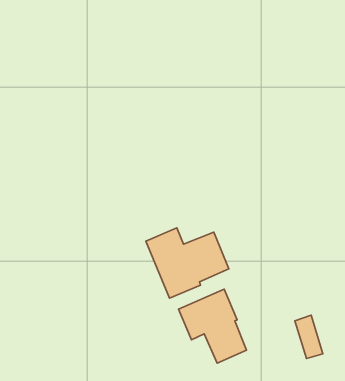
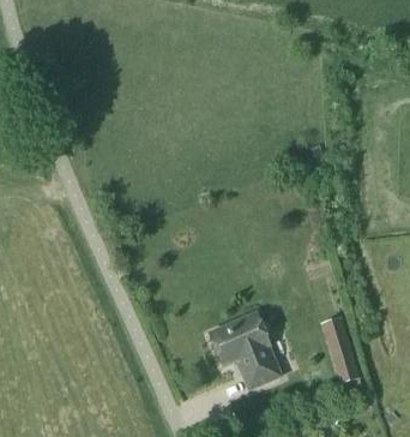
building: [146,228,229,298] -> none

